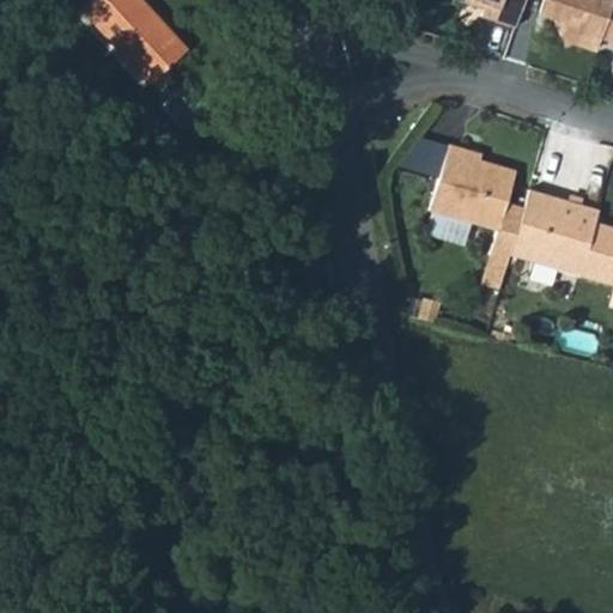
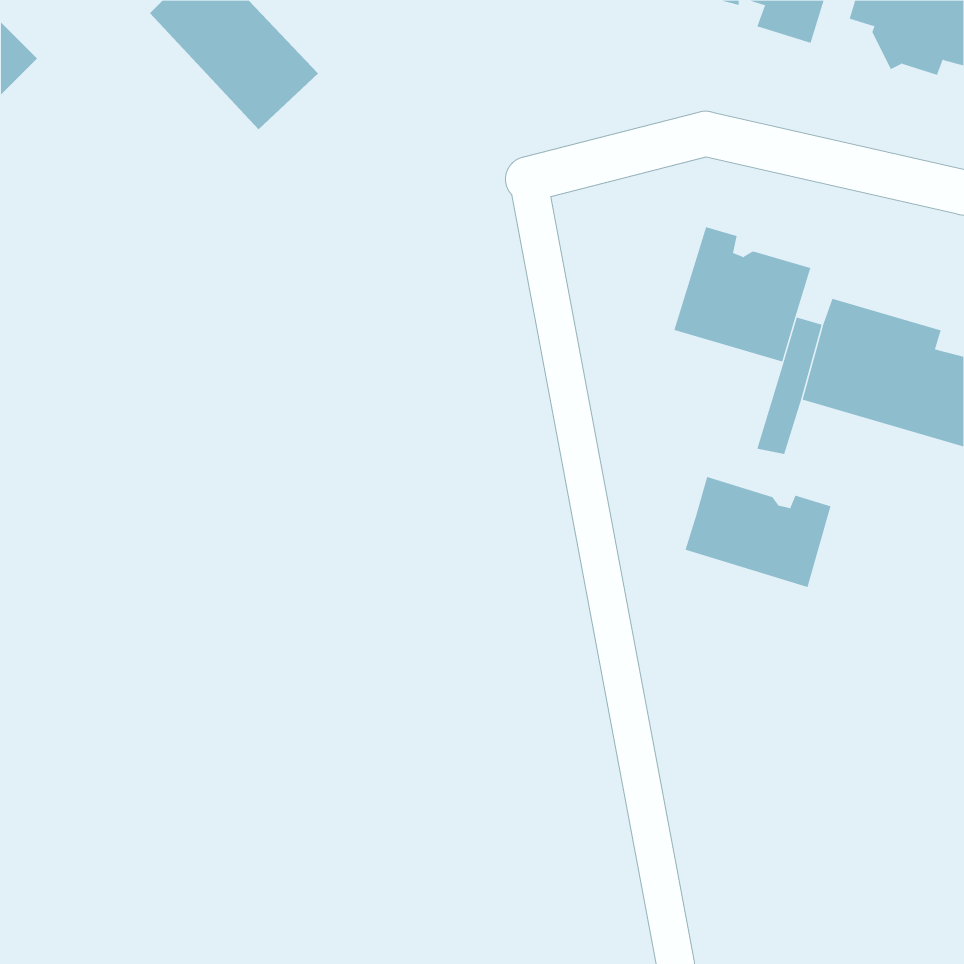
building: none -> [685,476,831,588]

